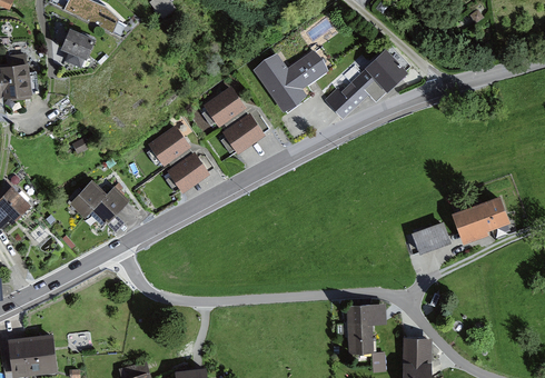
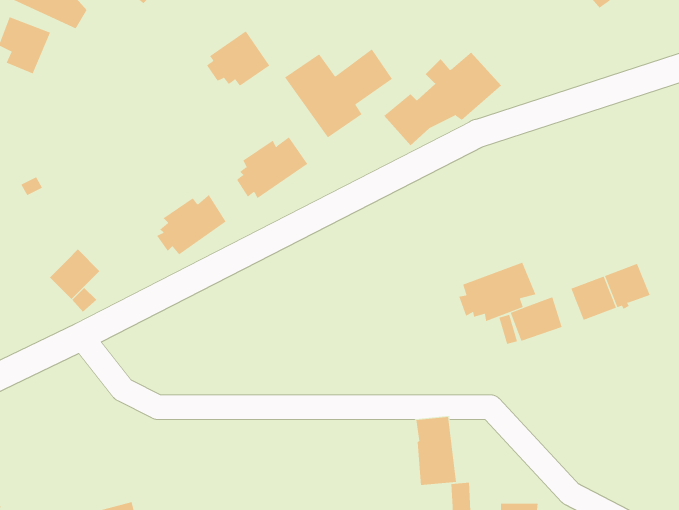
building: [202,88,247,127] -> [206,30,270,86]
building: [147,128,191,167] -> none
building: [69,180,103,215] -> none
building: none -> [458,262,536,322]
building: [405,340,432,365] -> none

